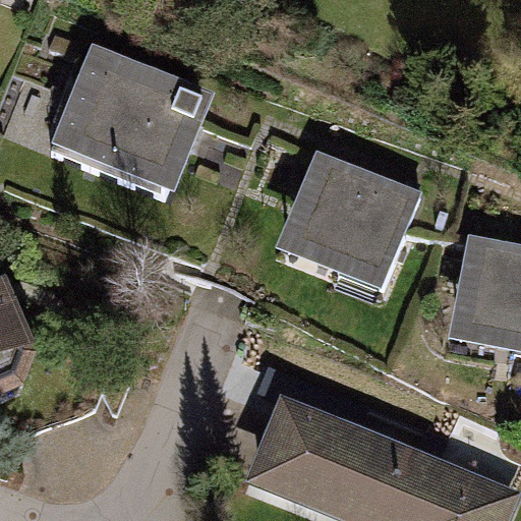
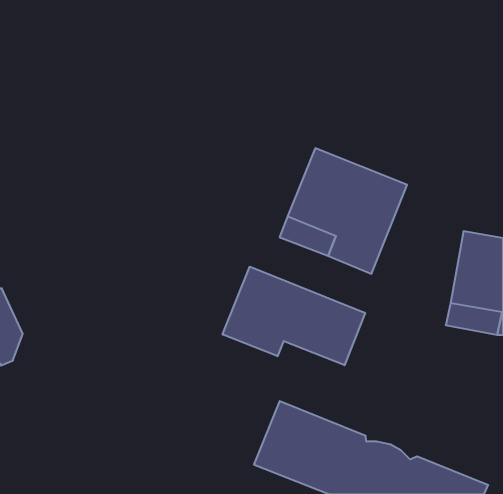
building: [51,54,200,191] -> none
building: none -> [223,267,365,365]

